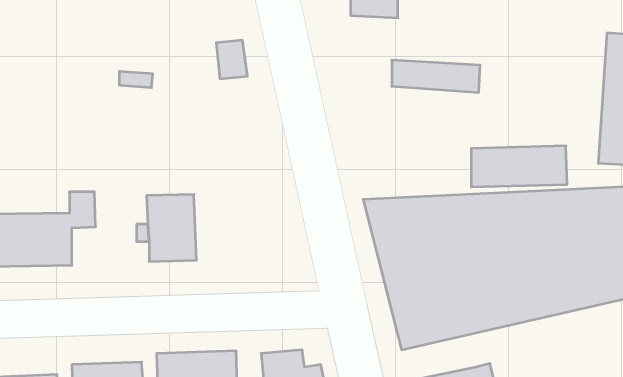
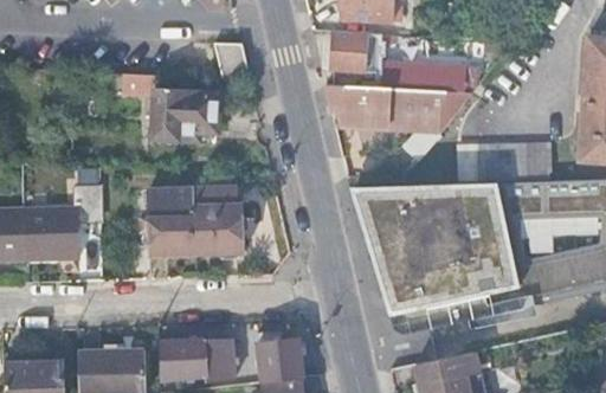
building: none -> [331,32,397,72]
building: none -> [325,83,472,133]
building: none -> [153,89,218,138]
building: none -> [194,188,244,252]

